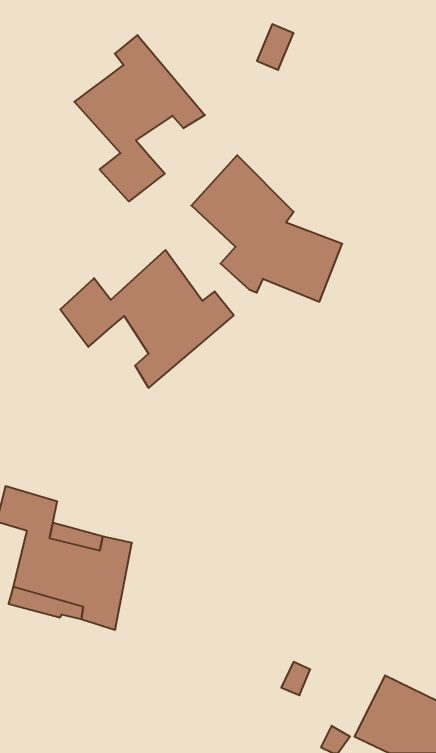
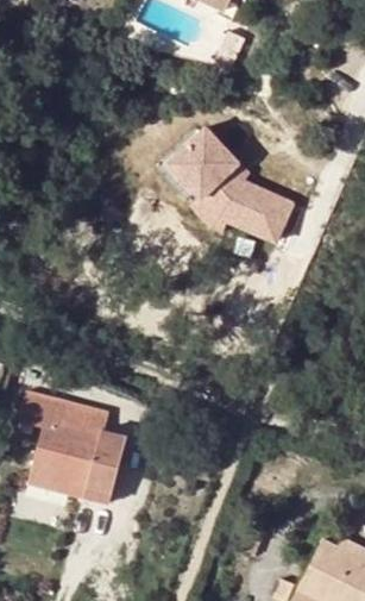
building: [74,35,205,201] -> none
building: [60,250,234,388] -> none

